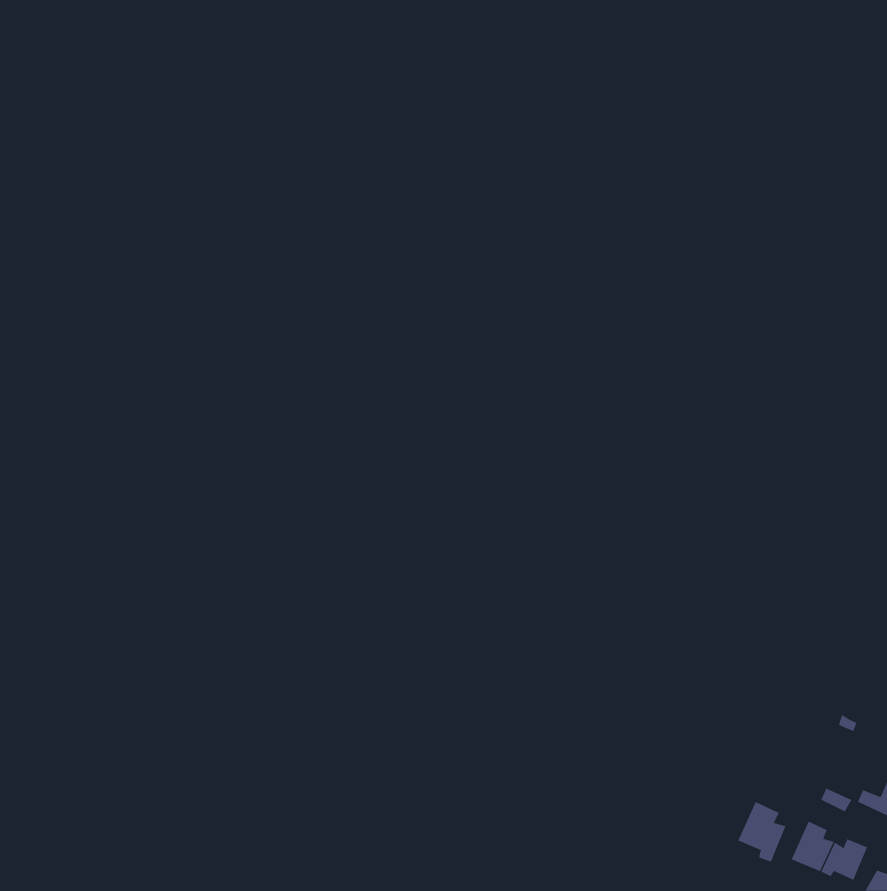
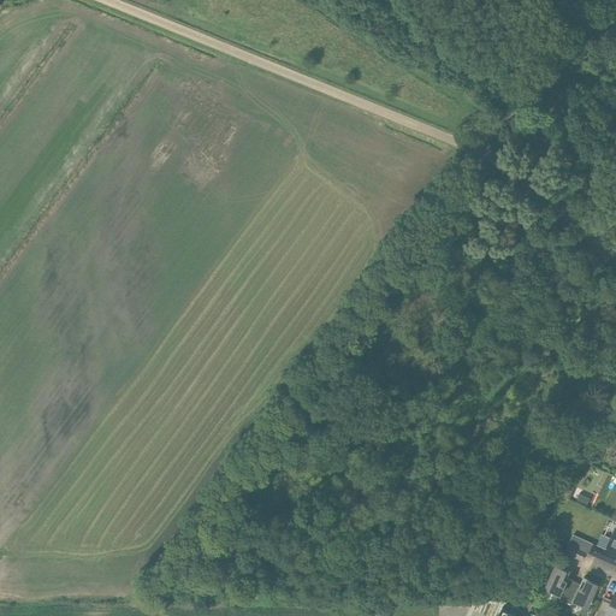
building: [737,801,786,863] -> none

